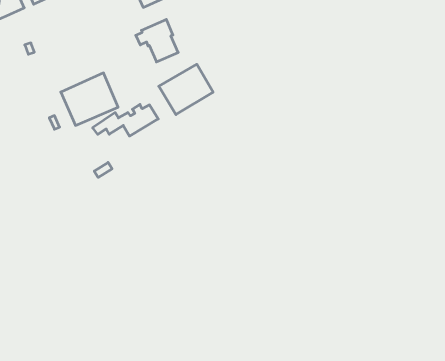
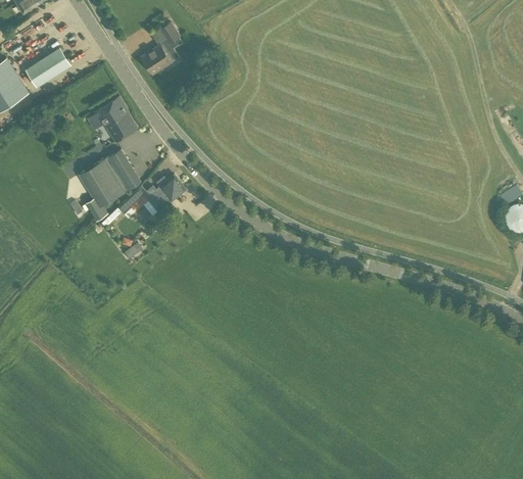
building: [136,19,178,62] -> [89,96,136,142]
building: [159,64,213,115] -> none

